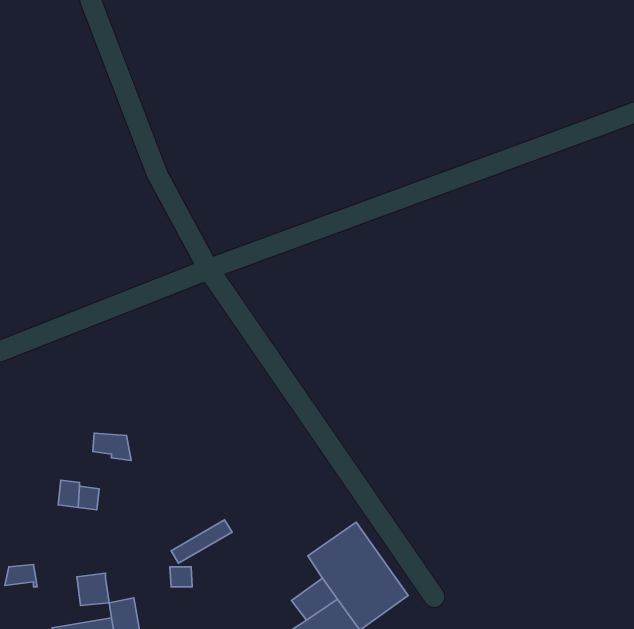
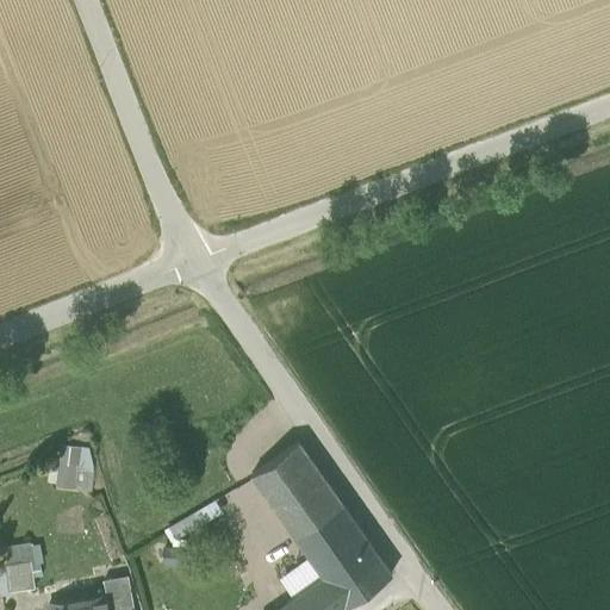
building: [93,433,131,460] -> [58,448,95,474]
building: none -> [251,444,342,539]
building: [77,573,109,605] -> [5,564,36,595]

